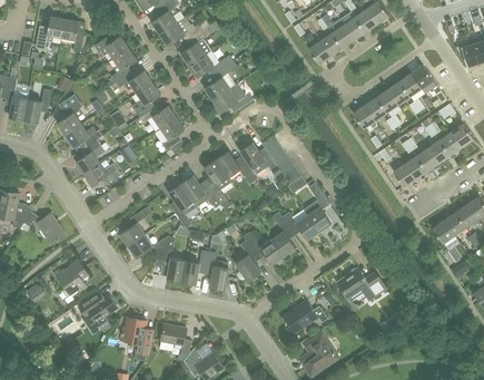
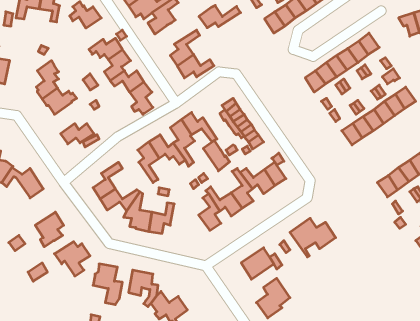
building: [110,47,136,81] -> none
building: [187,52,233,77] -> [199,5,241,28]
building: [22,88,50,121] -> none
building: [71,139,105,174] -> none
building: [239,142,268,175] -> [203,140,230,171]
building: [204,251,227,289] -> none

